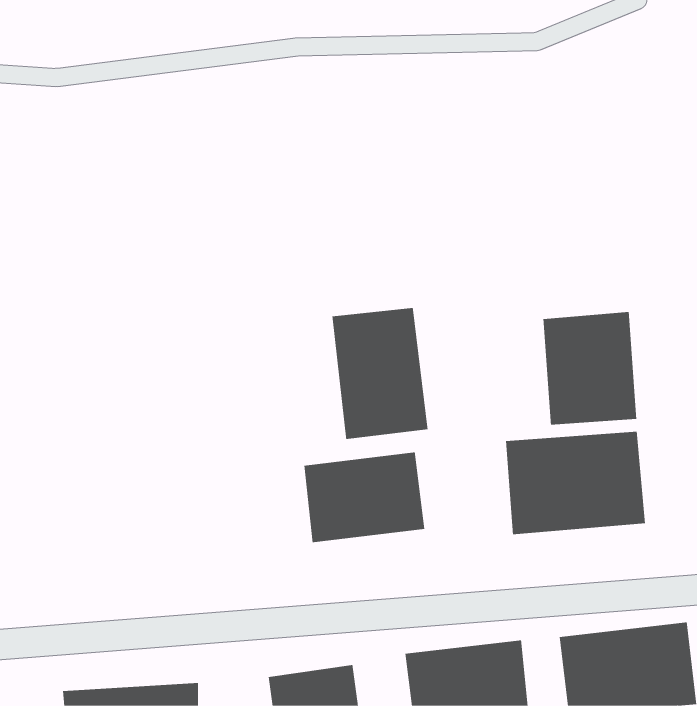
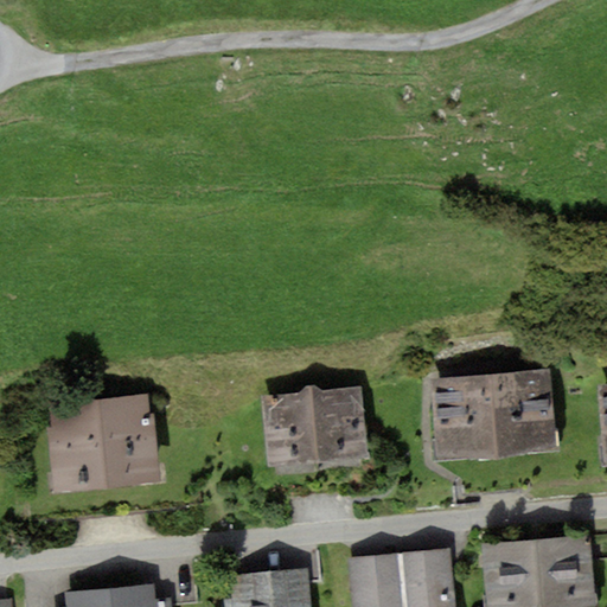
building: [332,307,428,440] -> none
building: [543,311,637,425] -> none
building: none -> [47,396,159,490]

